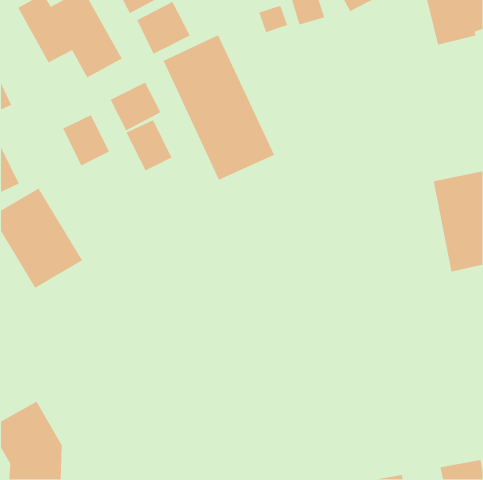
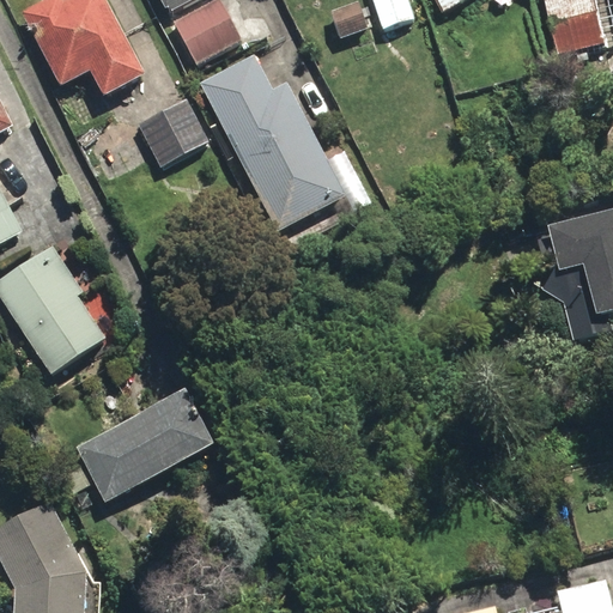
building: [62,114,110,167] -> none
building: [126,119,173,171] -> none
building: none -> [72,384,210,502]

